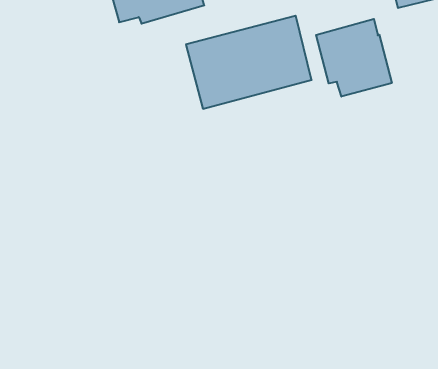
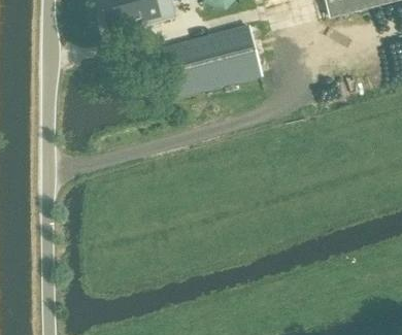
building: [316,19,392,97] -> none

